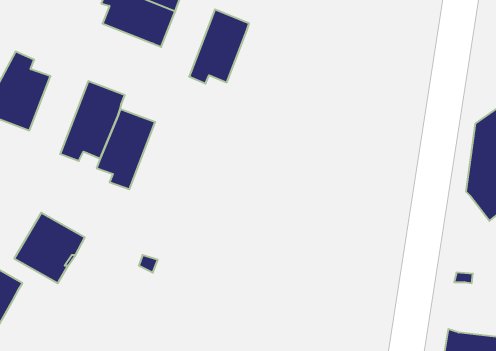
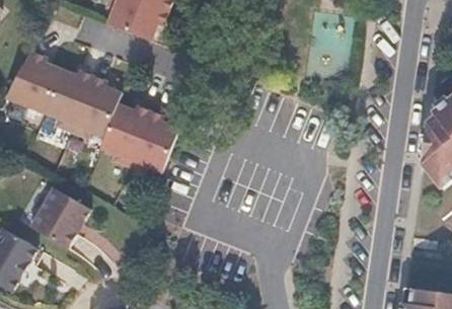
building: [189,9,249,84] -> [131,108,182,172]
building: none -> [45,55,95,136]

